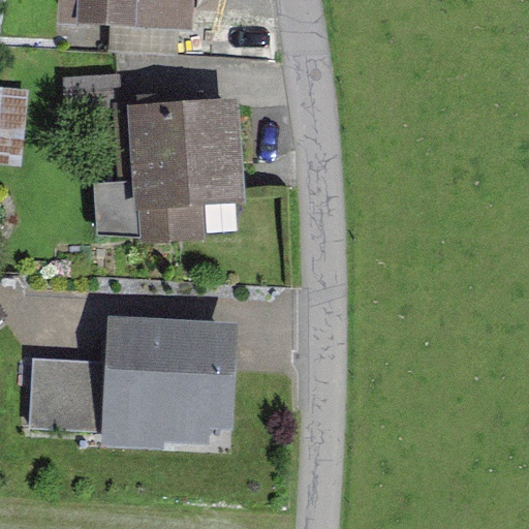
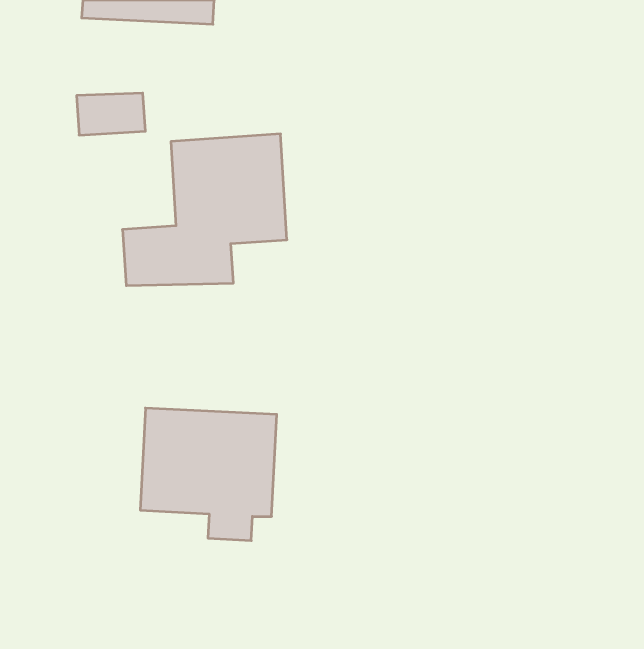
building: [39,352,111,428] -> none

